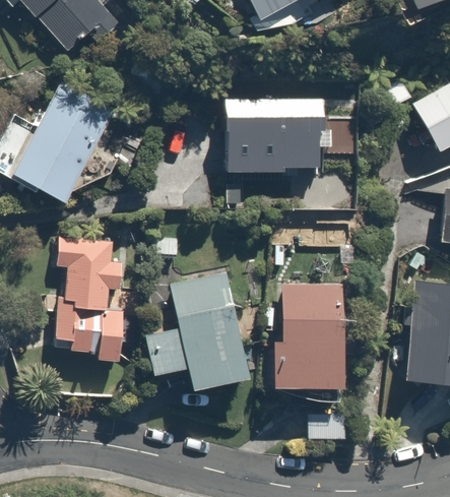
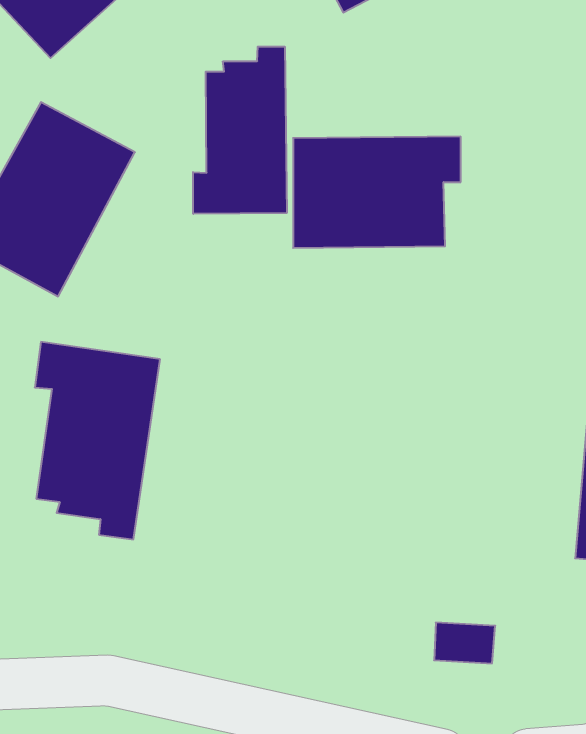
building: none -> [193,47,287,214]
building: [146,268,248,382] -> none
building: [273,282,343,383] -> none

